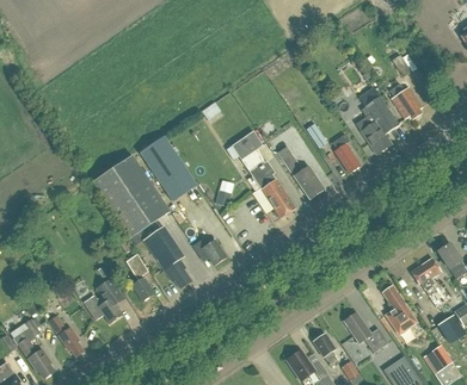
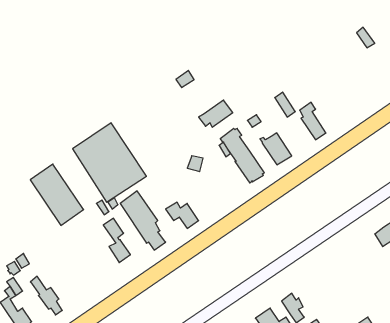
building: [391,86,422,118] -> none
building: [356,95,398,153] -> none
building: [139,135,195,199] -> [30,164,84,225]
building: [84,278,123,322] -> none
building: [382,284,417,333] -> none
building: [343,311,388,352] -> none

